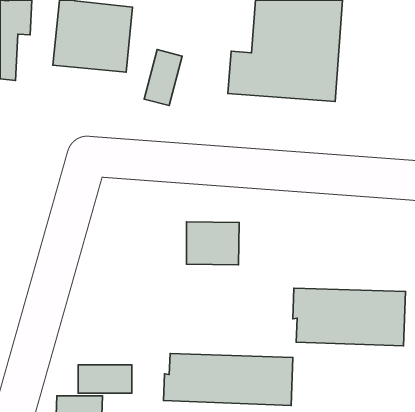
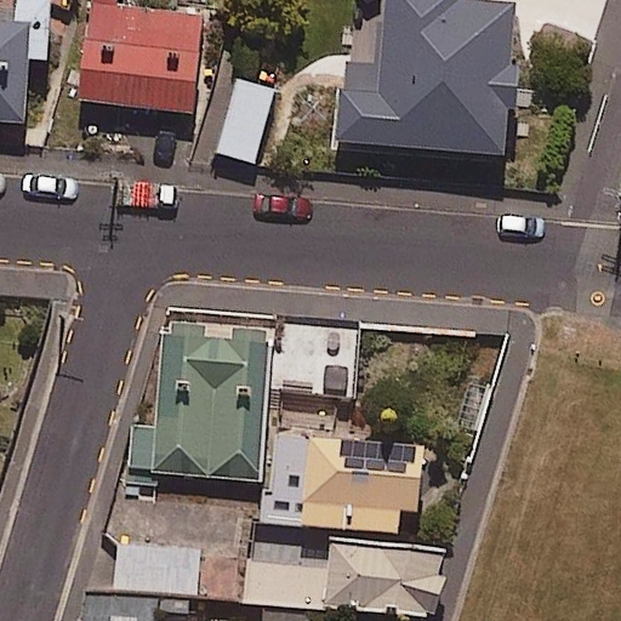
building: none -> [127,320,267,489]
building: none -> [263,434,417,528]
building: [293,288,405,346] -> none

